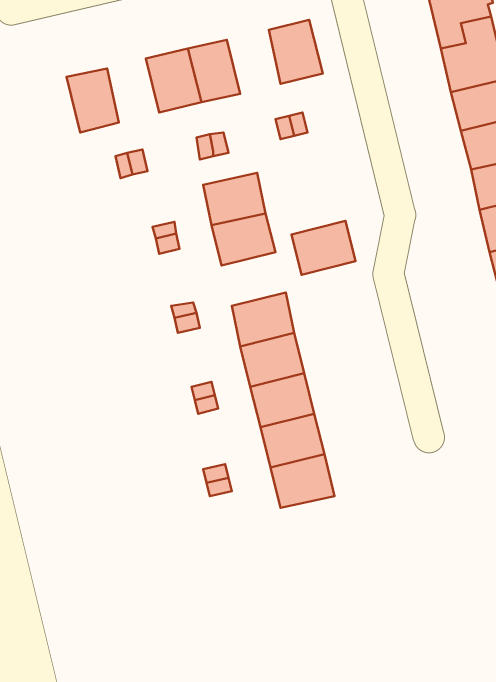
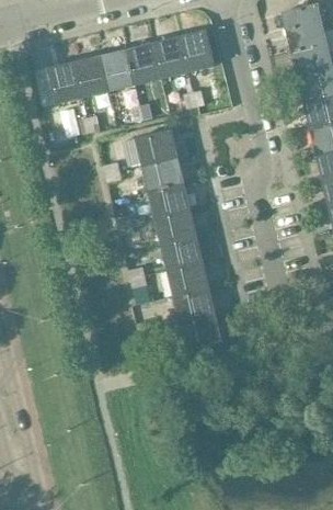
building: none -> [152,36,187,78]
building: none -> [74,55,108,97]
building: [291,221,355,275] -> [149,181,191,216]

